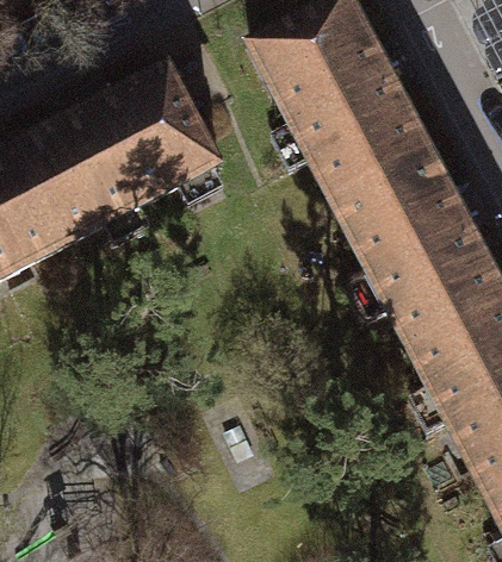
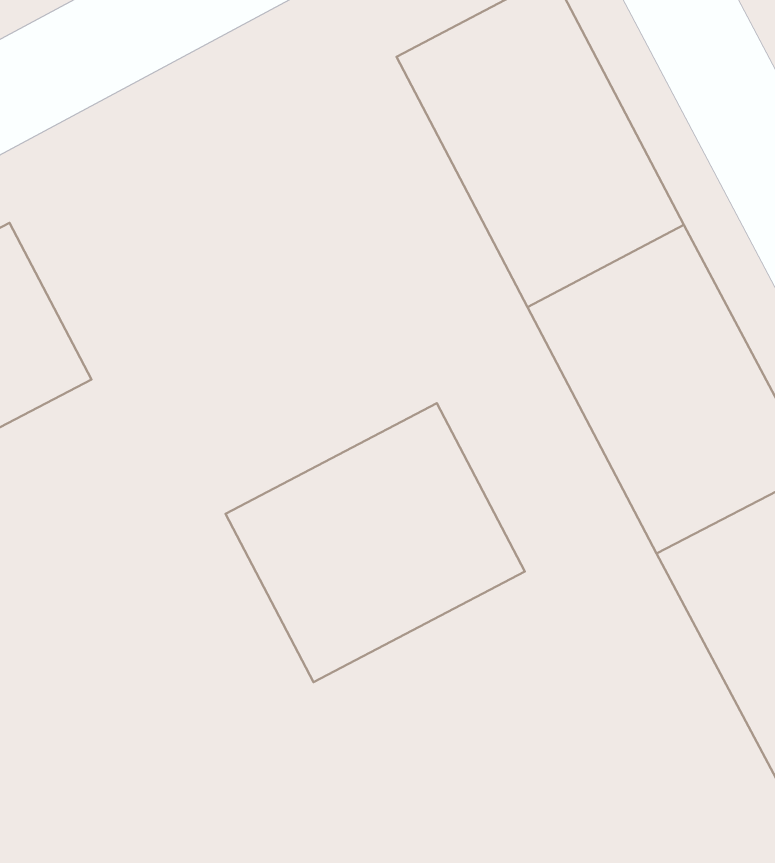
building: [16,65,218,241] -> none
building: none -> [226,403,525,682]

